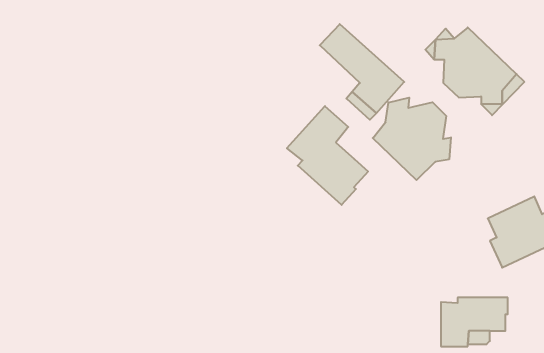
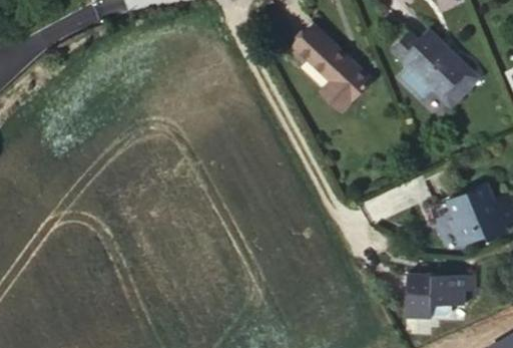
building: [373,98,451,180] -> none
building: [287,106,368,205] -> none

